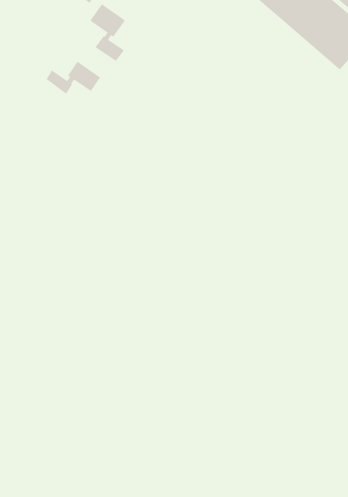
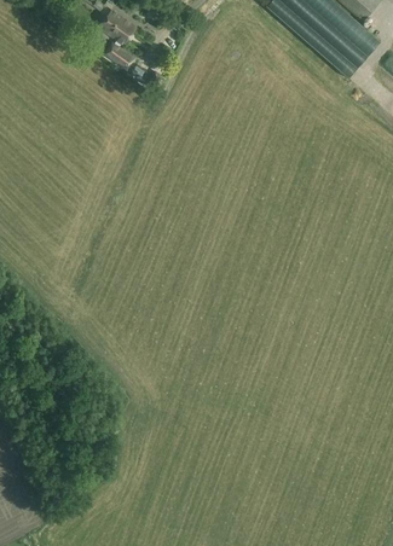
building: [46,61,101,94] -> none

